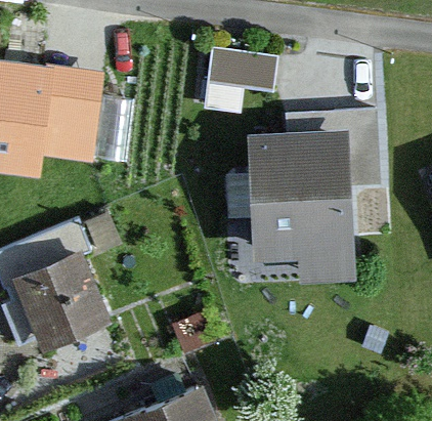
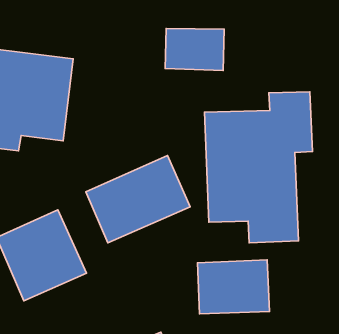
building: none -> [86,155,190,243]
building: none -> [198,260,269,314]

